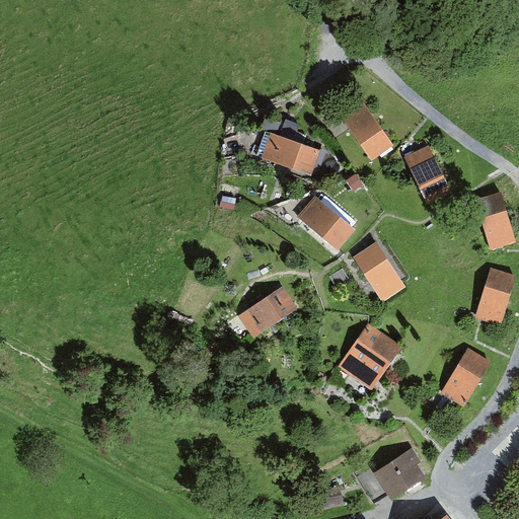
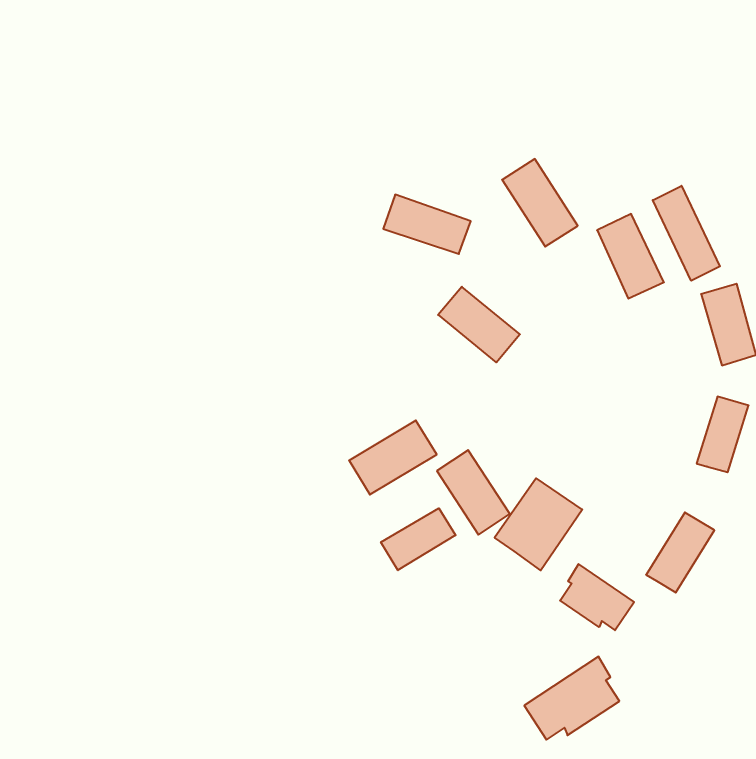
building: none -> [653,186,720,281]
building: [356,242,405,300] -> [437,450,510,535]
building: none -> [381,508,456,570]
building: none -> [560,564,634,630]

